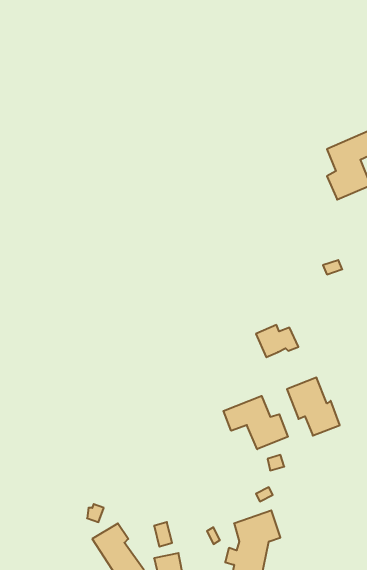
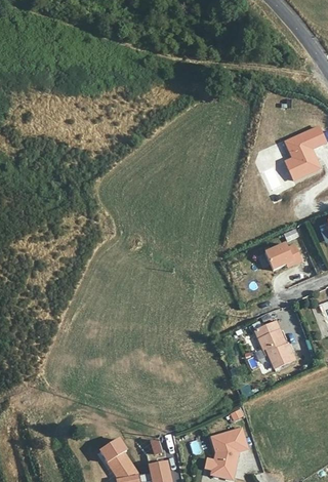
building: [256,325,298,357] -> [268,242,301,268]
building: [223,396,288,449] -> none

